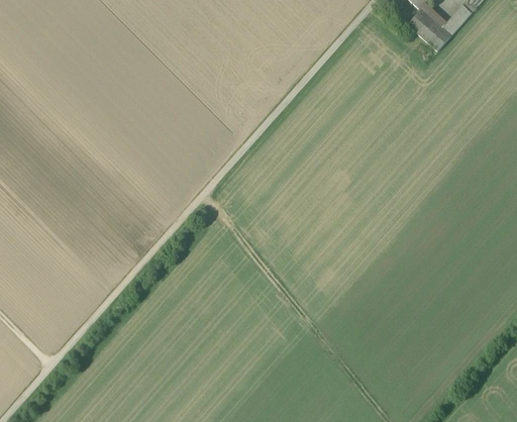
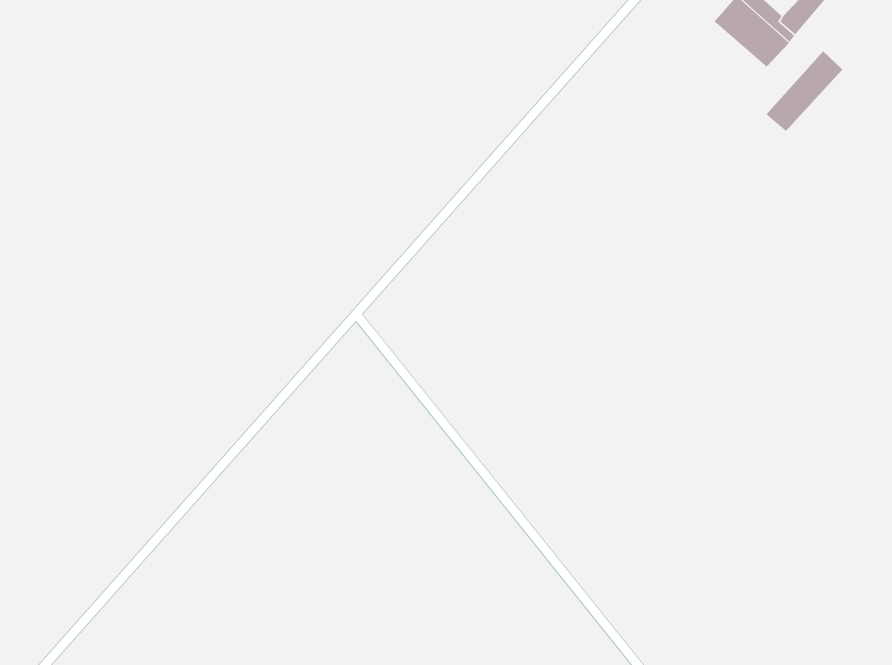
building: none -> [766,51,843,132]

